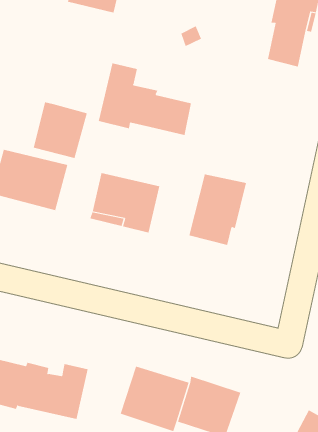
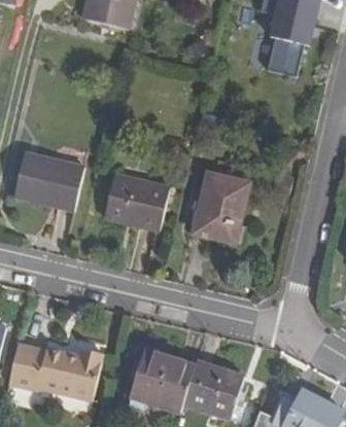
building: [98,62,192,136] -> none
building: [33,101,87,159] -> none

